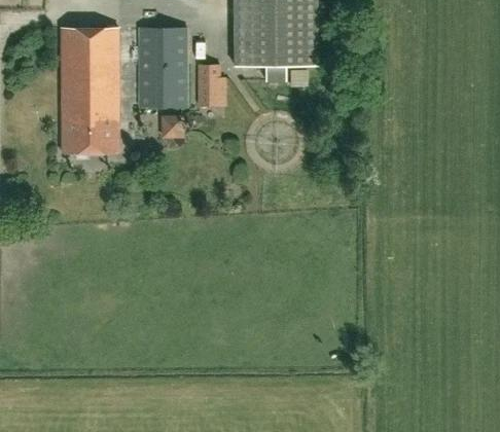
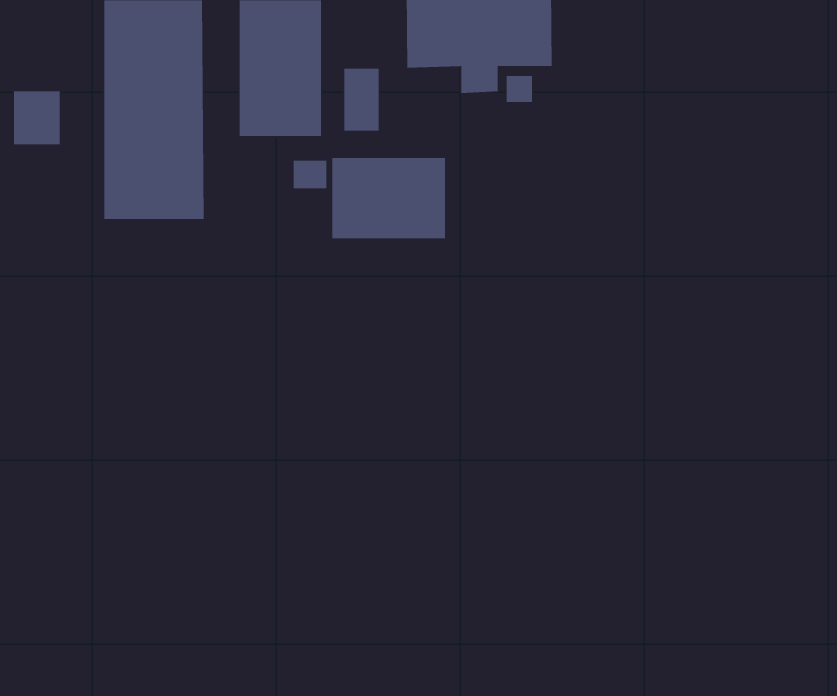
building: none -> [14,91,60,145]
building: none -> [332,157,445,239]

